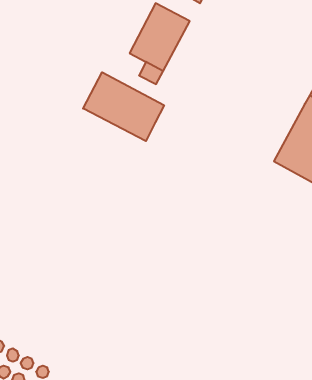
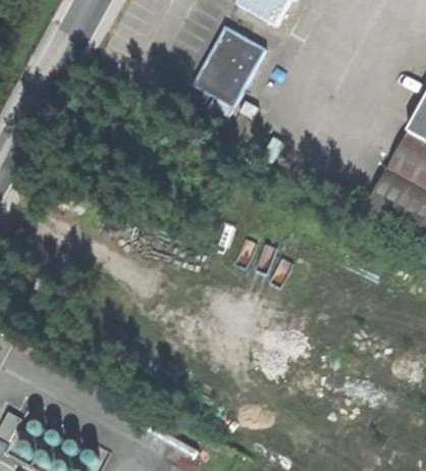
building: [83,72,164,141] -> none

